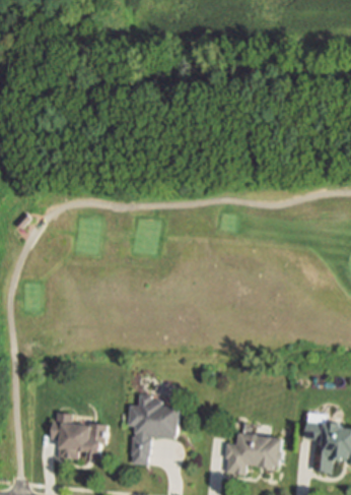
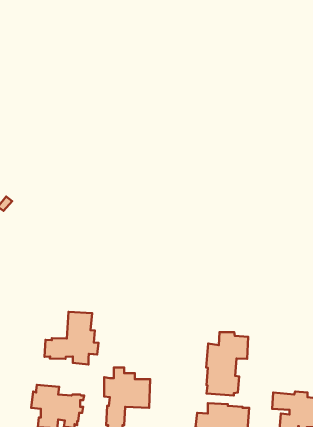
building: none -> [45,312,98,364]
building: none -> [206,332,248,395]

